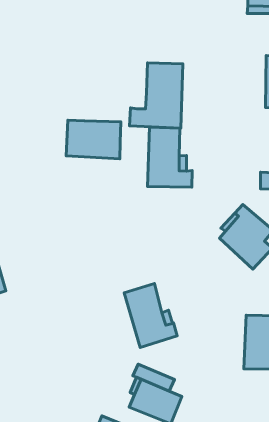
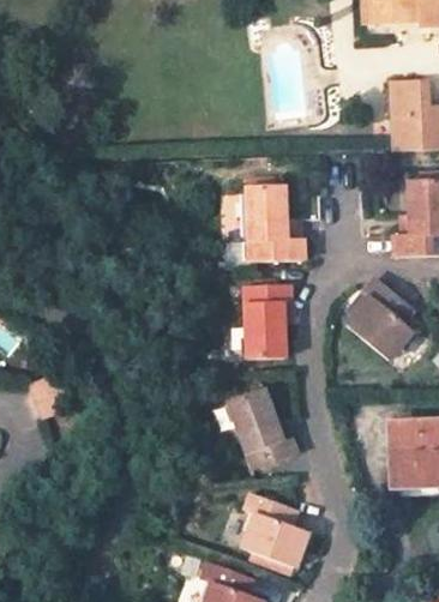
building: [129,63,183,128] -> none
building: [66,120,121,159] -> none
building: none -> [243,282,291,359]

